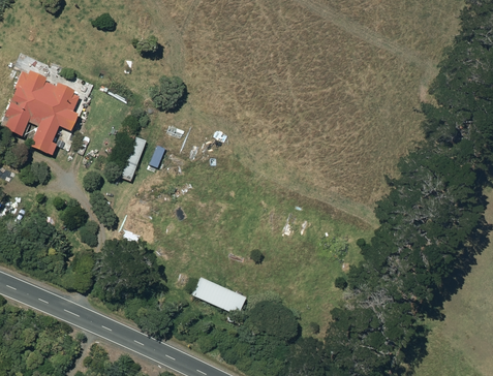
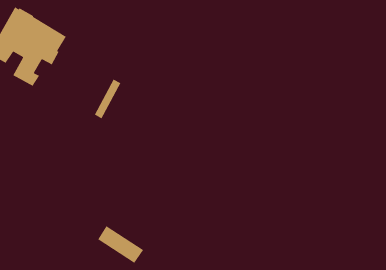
building: [192,277,244,314] -> [97,225,144,264]

